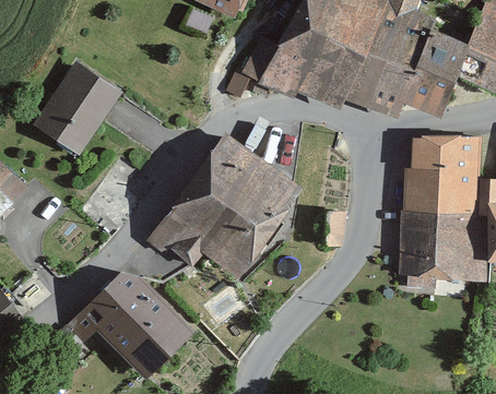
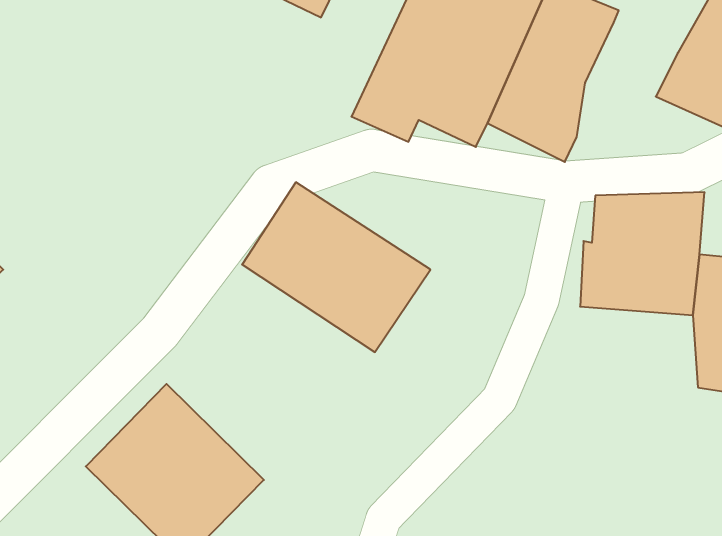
building: [400,24,465,119] -> none
building: [34,62,125,158] -> none
building: [145,181,269,279] -> none
building: [401,208,482,279] -> none

